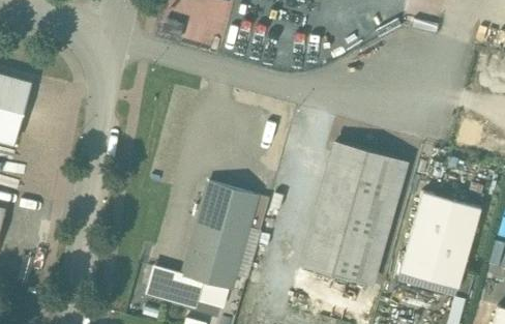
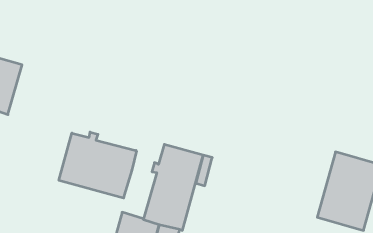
building: [302,143,398,283] -> none
building: none -> [59,132,136,198]

